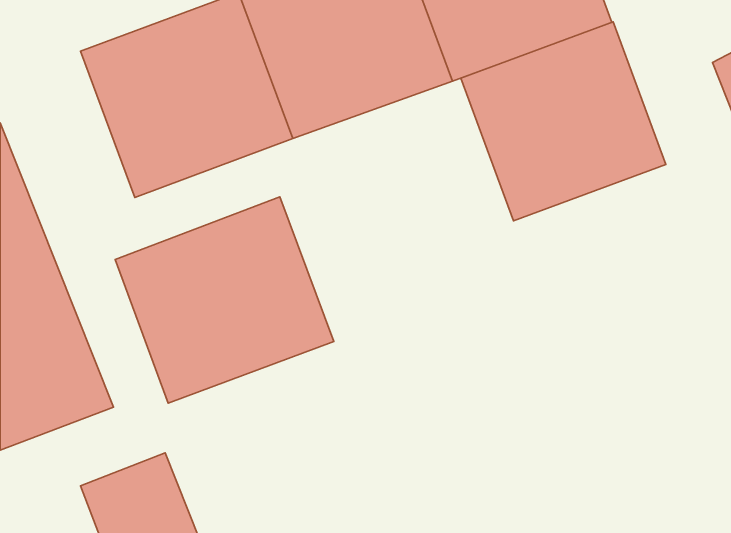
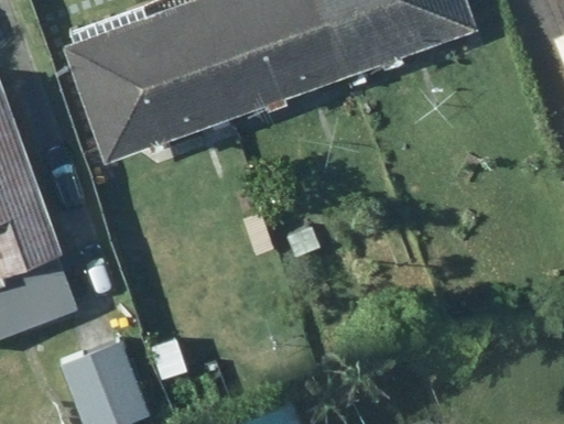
building: [461,22,666,221] -> none
building: [115,197,334,403] -> none

